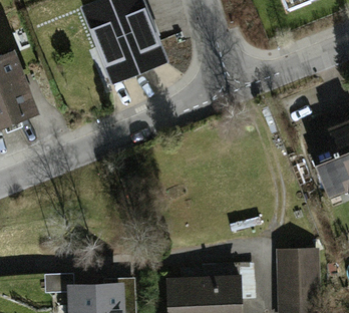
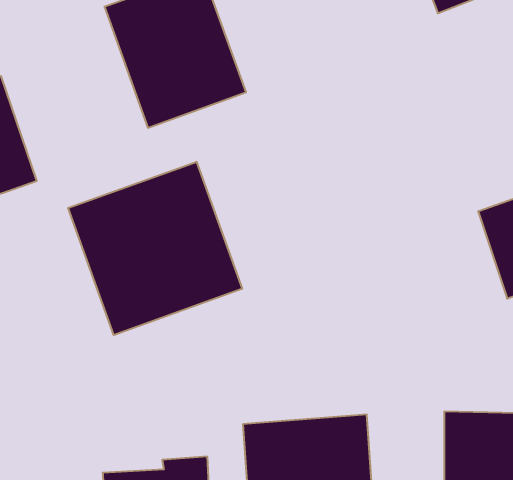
building: none -> [68,162,242,335]

